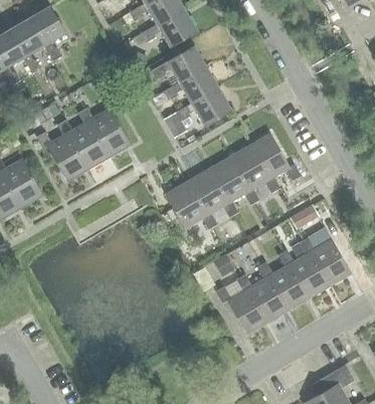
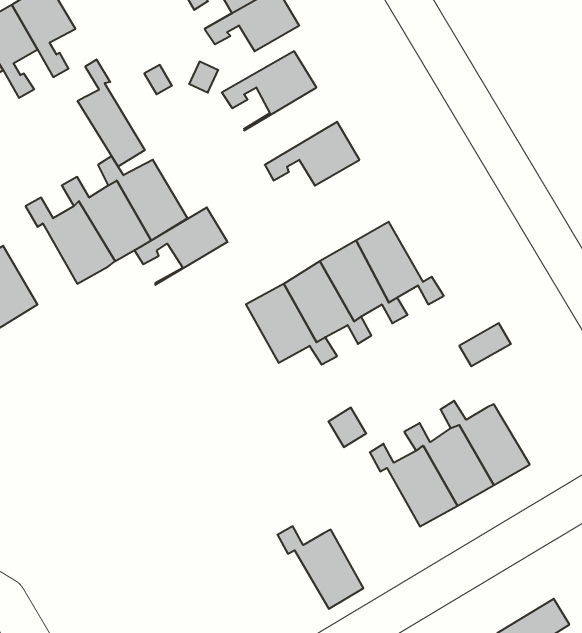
building: none -> [78,59,145,167]
building: [164,66,218,112] -> [135,207,228,285]
building: [248,133,302,181] -> none
building: [300,237,352,286] -> none
building: [216,286,266,335] -> [277,526,363,609]

